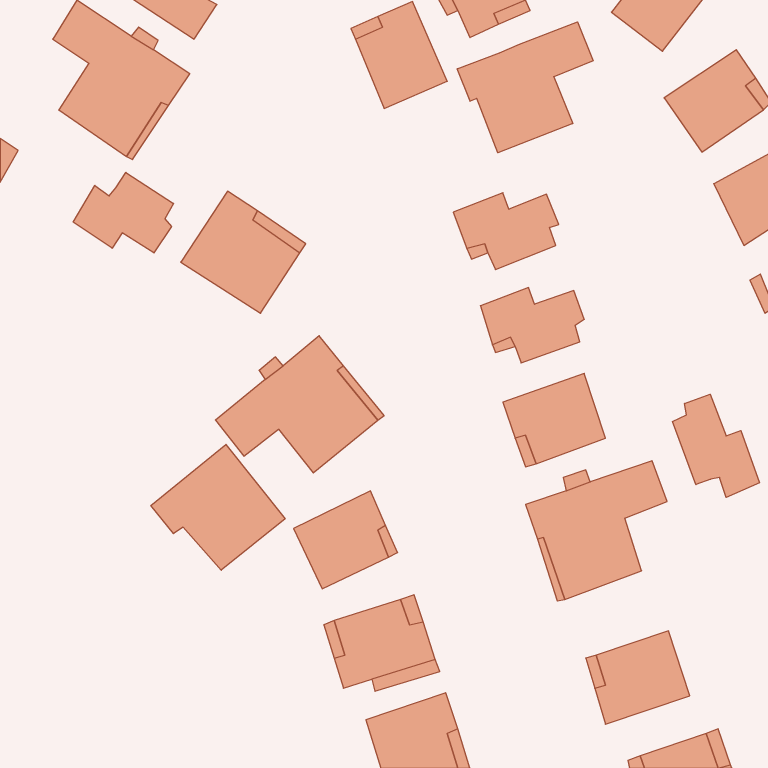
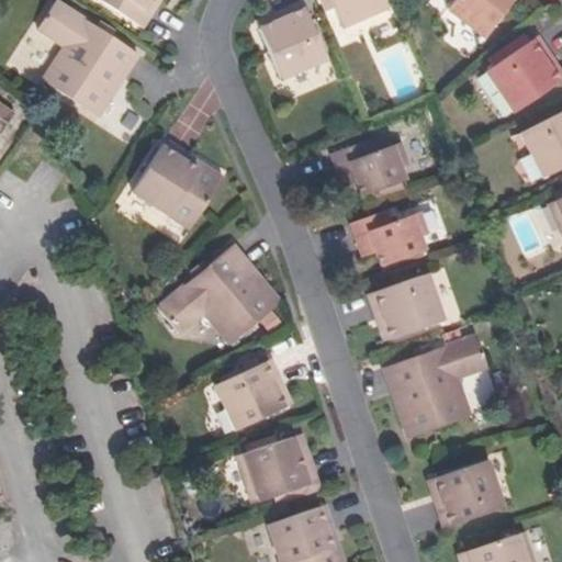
building: [457,22,593,153] -> none
building: [73,172,174,253] -> none
building: [673,394,760,497] -> none
building: [151,444,285,570] -> none

